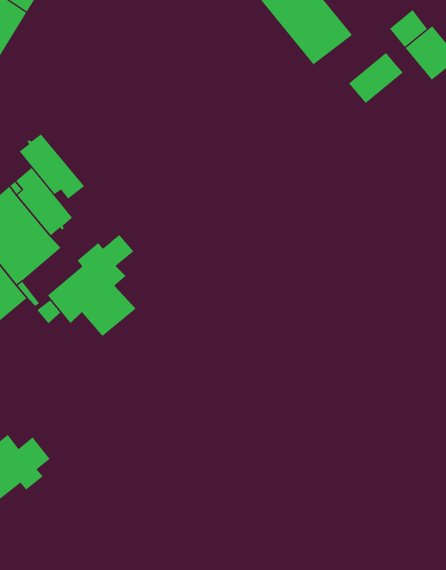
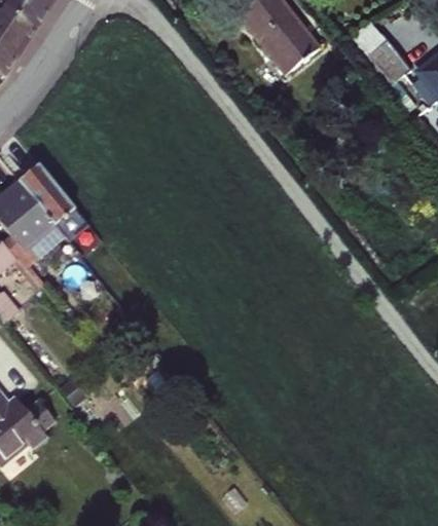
building: [348,52,404,104] -> none
building: [19,134,85,199] -> none
building: [47,234,136,337] -> none

